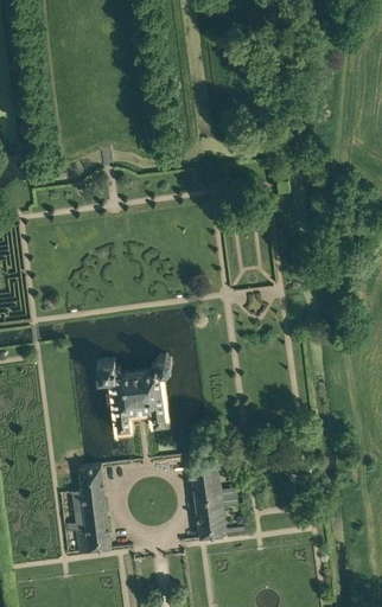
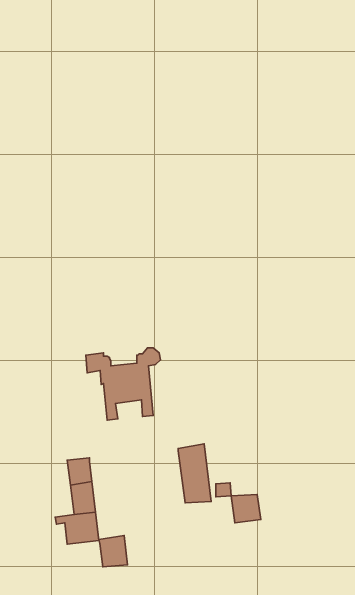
building: [197,510,227,538] -> [231,495,261,523]
building: none -> [99,536,127,567]

